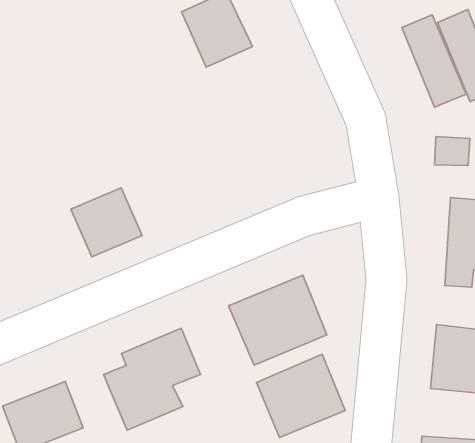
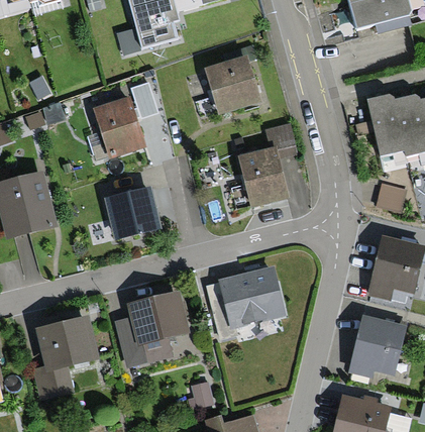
building: none -> [98,82,156,153]
building: none -> [240,124,295,203]
building: [257,354,345,437] -> none

